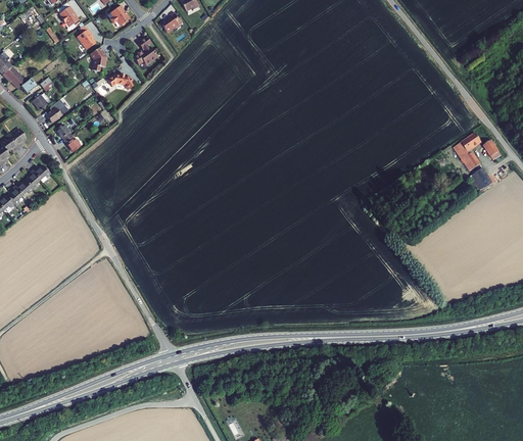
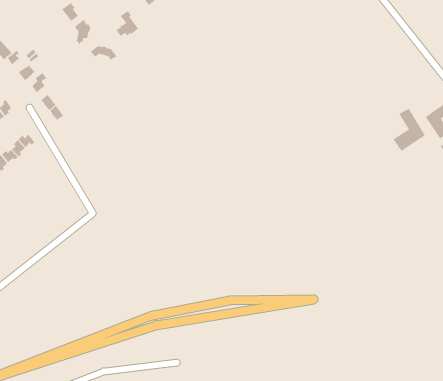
building: none -> [393,108,426,152]

